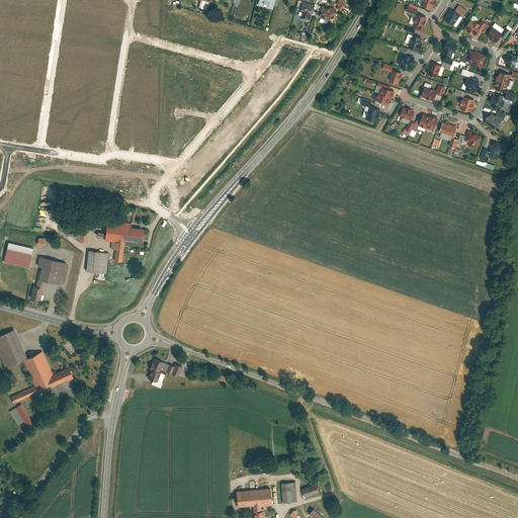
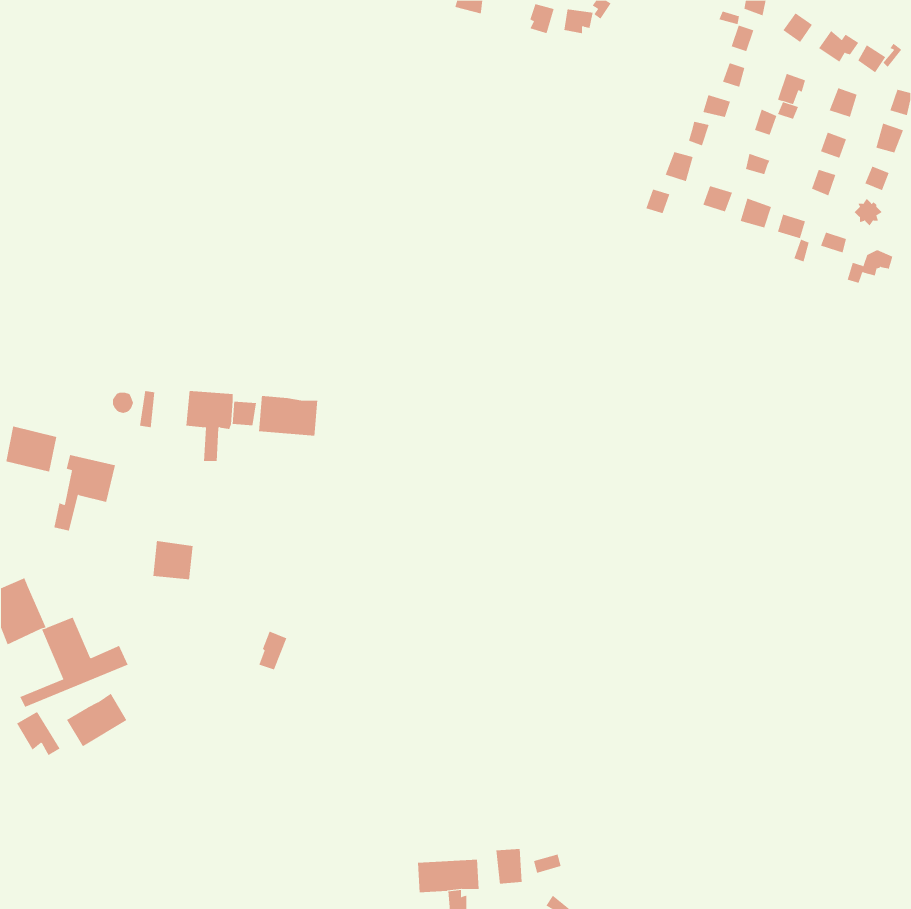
building: none -> [258,395,318,436]
building: [86,252,109,274] -> [153,540,194,580]
building: none -> [66,693,127,747]

